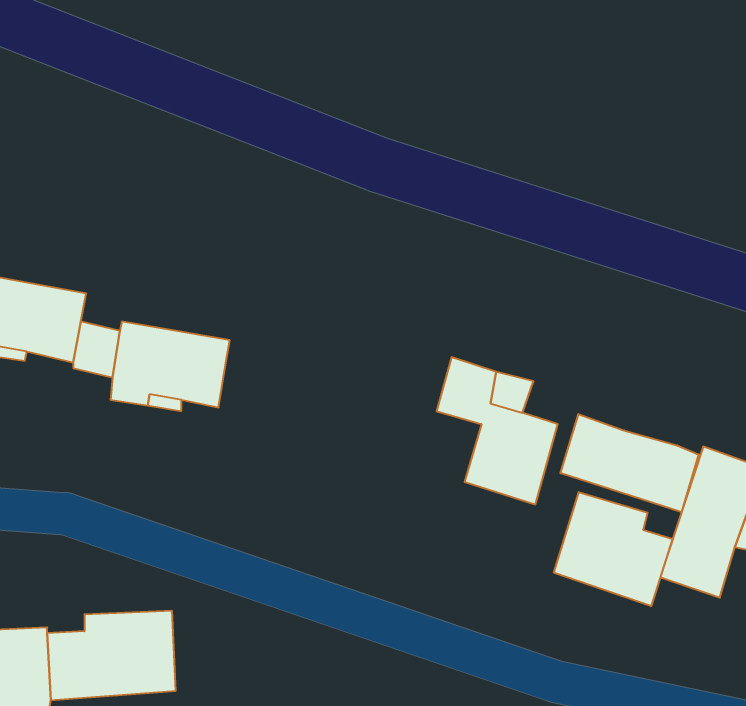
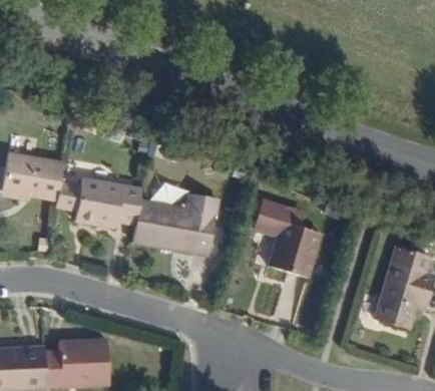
building: none -> [133,194,220,256]
building: [560,414,699,512] -> none
building: [554,492,672,606] -> none

